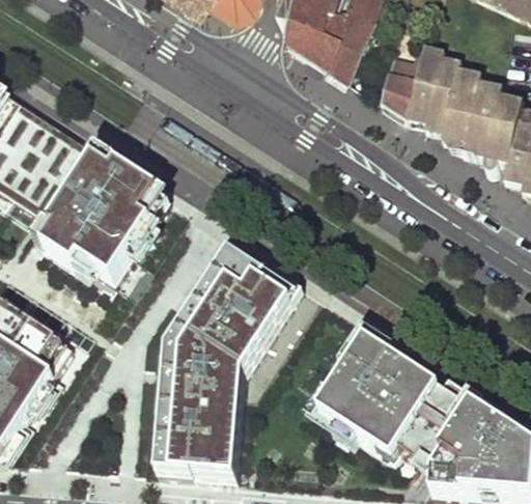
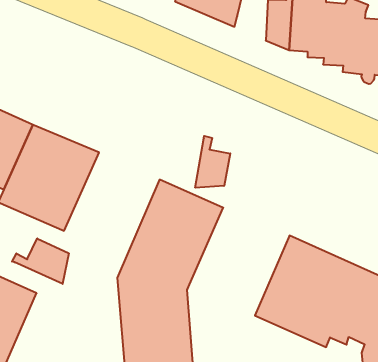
building: none -> [195,136,230,188]
building: none -> [12,238,69,284]

